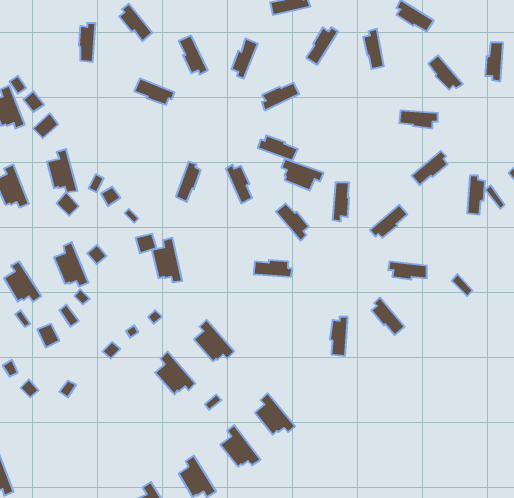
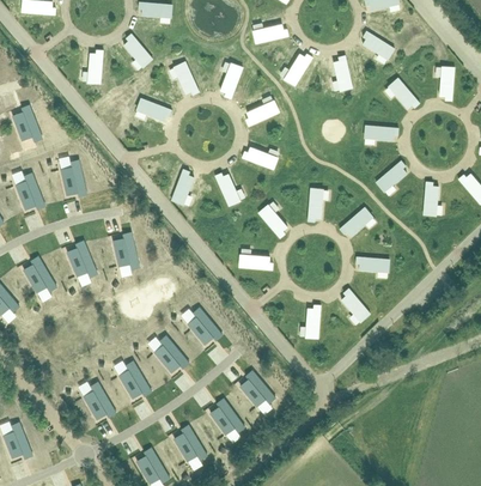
building: [282,159,323,191] -> none
building: [152,238,182,282] -> [112,231,139,269]
building: none -> [120,359,152,396]
building: none -> [84,381,116,417]

